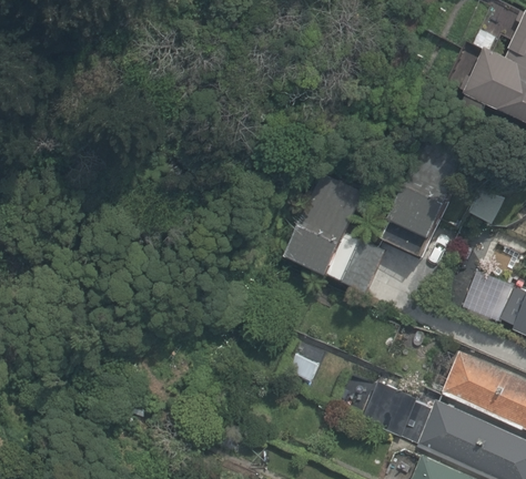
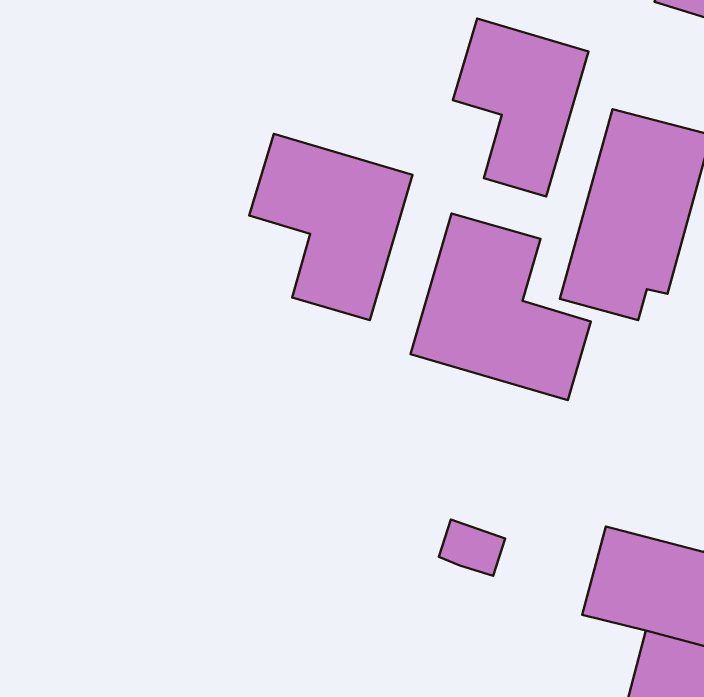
building: none -> [453,18,589,196]
building: none -> [249,134,412,320]

